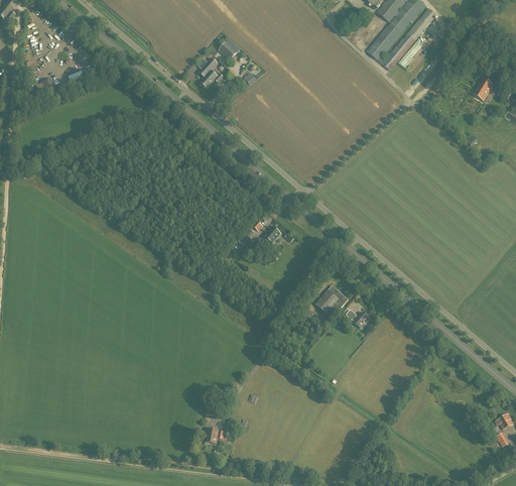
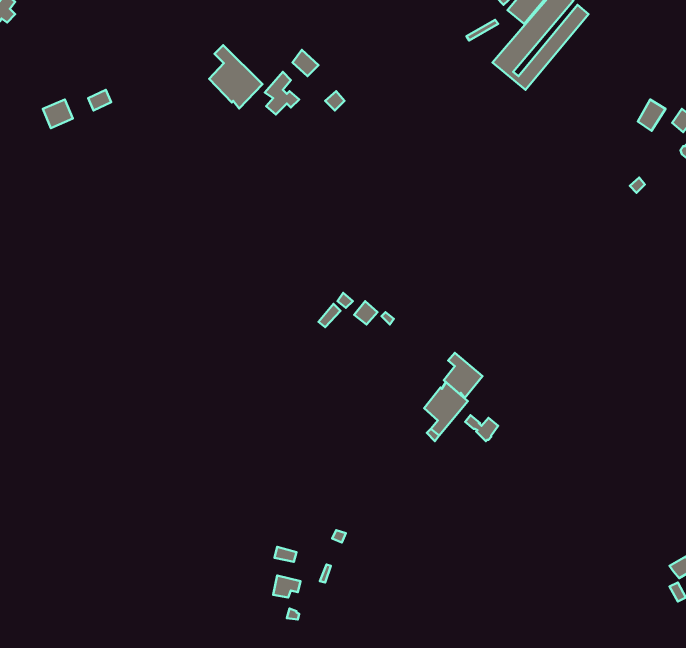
building: none -> [209,45,262,109]
building: none -> [444,353,482,398]

